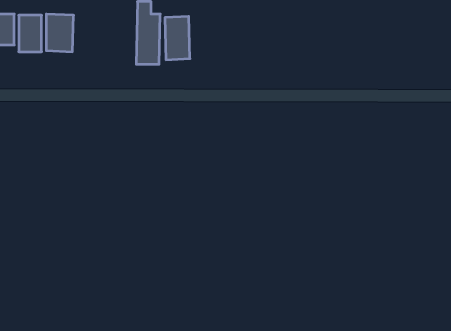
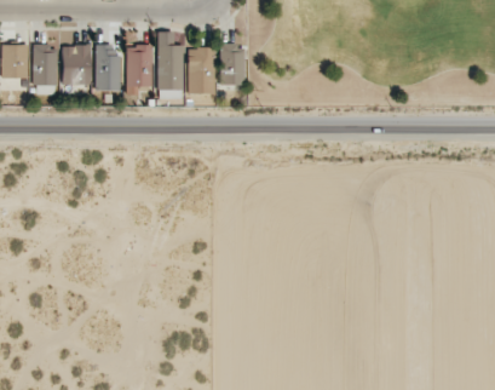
building: none -> [94,44,120,91]
building: none -> [219,44,243,85]
building: none -> [126,45,152,94]

